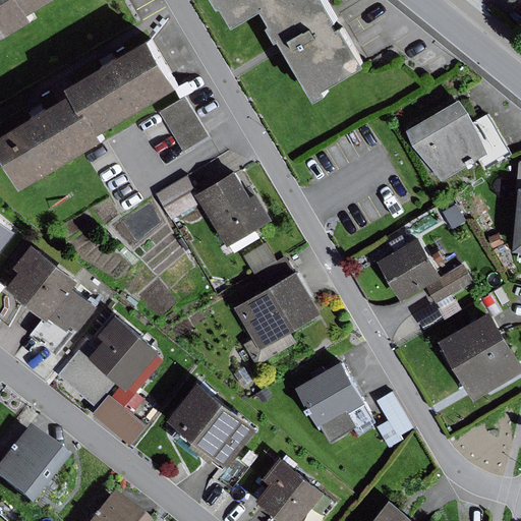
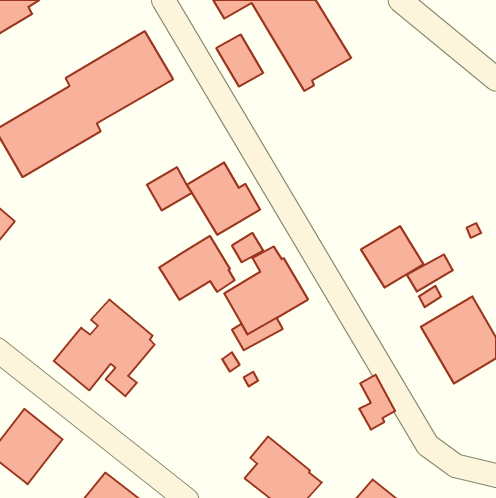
building: [157,98,206,152] -> [216,35,263,86]
building: [405,99,511,182] -> none
building: [5,244,95,356] -> none
building: none -> [159,236,235,300]
building: [294,361,373,443] -> none
building: [167,380,257,470] -> none
building: [91,396,144,447] -> none

